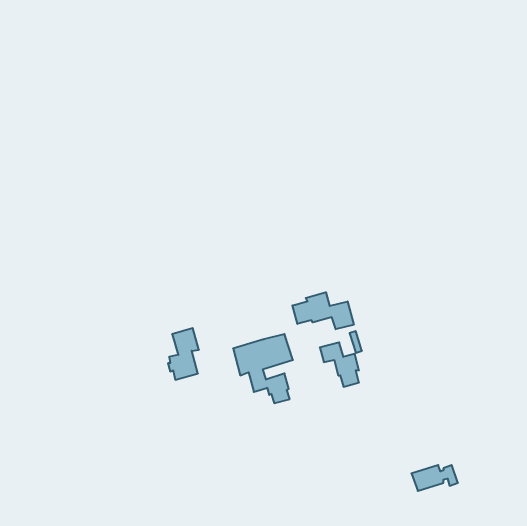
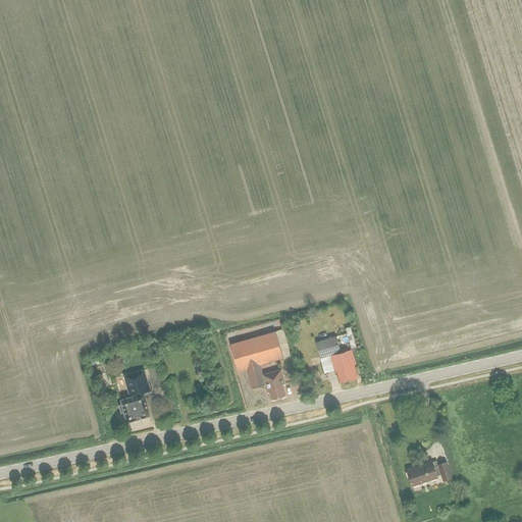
building: [292,292,354,329] -> none
building: [168,328,199,380] -> [119,371,150,422]

